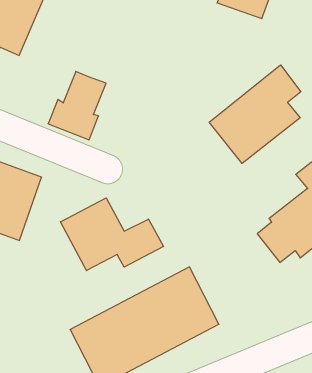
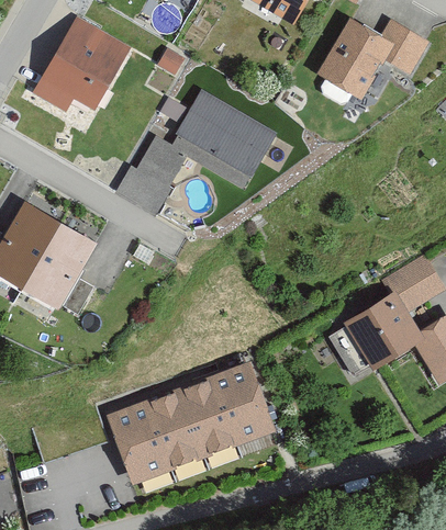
building: none -> [166,84,275,183]
building: [209,65,301,163] -> none
building: [60,198,164,271] -> none

